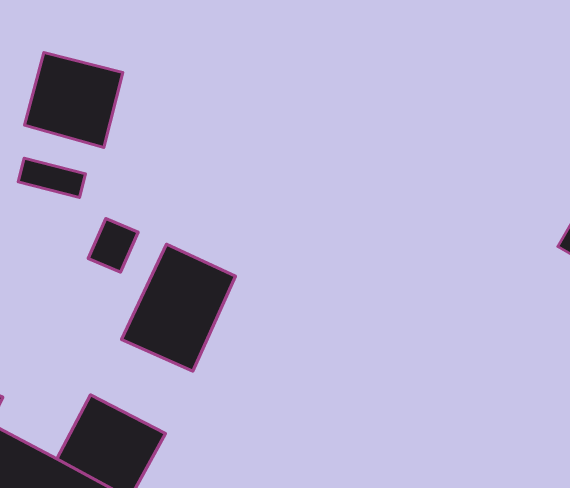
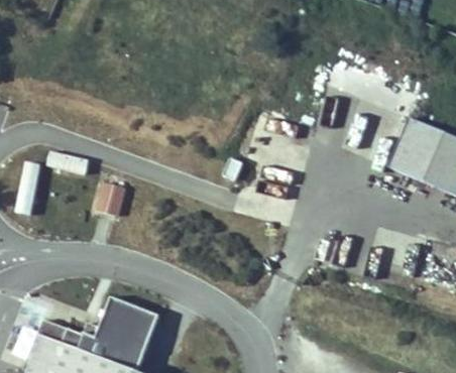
building: [24,52,123,148] -> none
building: [122,244,235,371] -> none

